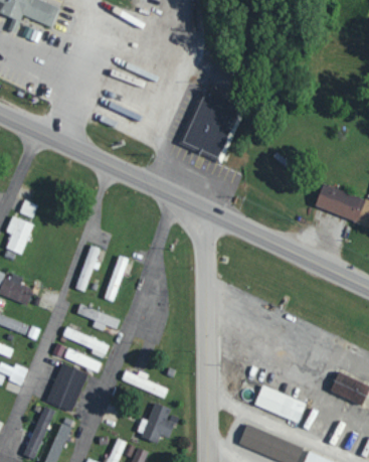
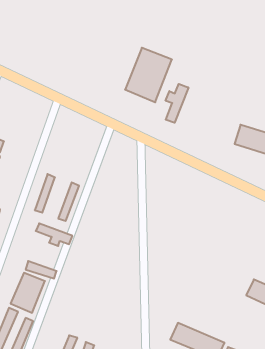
building: none -> [166,84,188,123]
building: [62,326,110,358] -> none
building: [122,370,168,397] -> none
building: [254,386,307,423] -> none
building: [143,403,175,443] -> none

